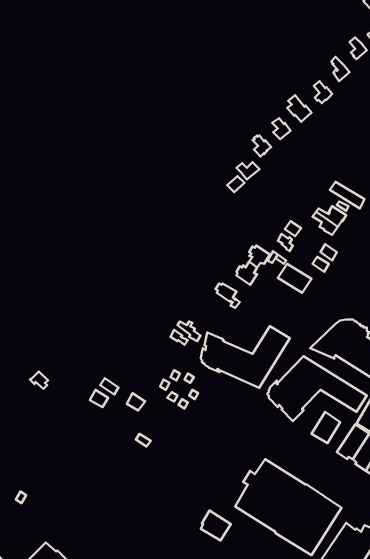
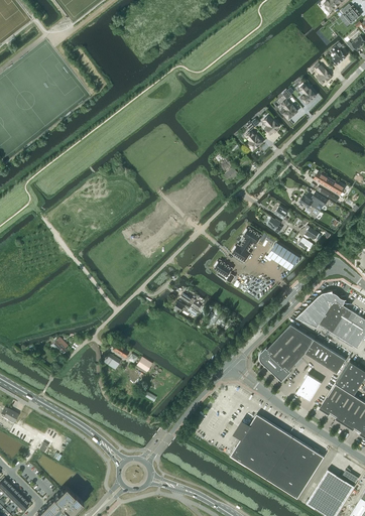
building: [201,326,290,388] -> none
building: [201,511,231,540] -> none

